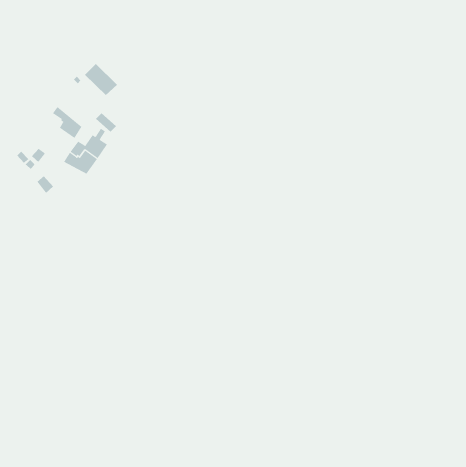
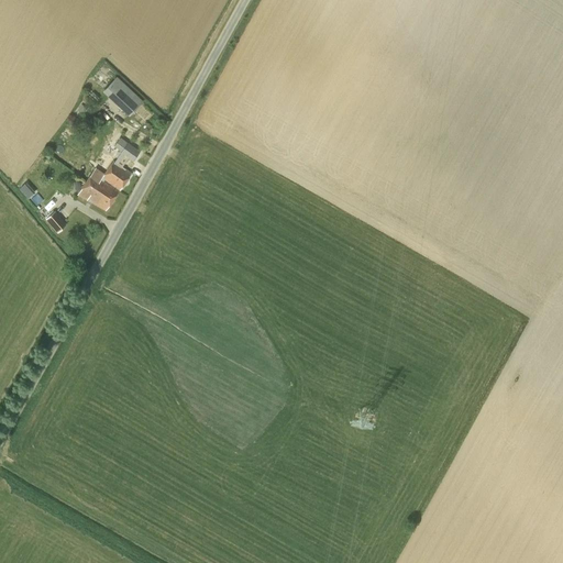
building: [52,106,82,139] -> none

